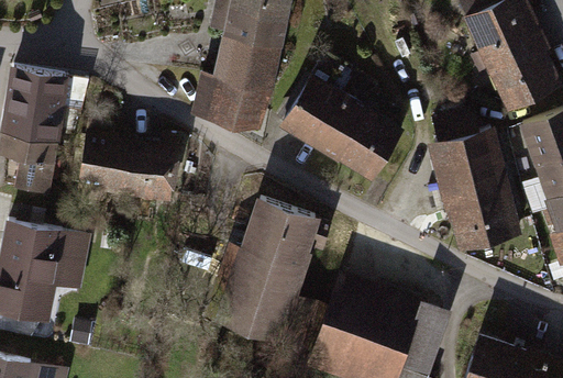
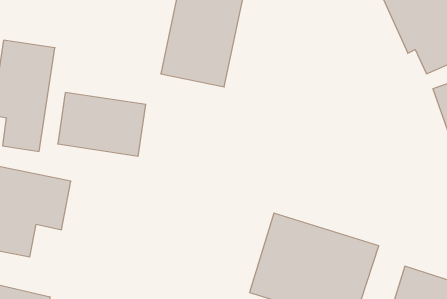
building: [279,75,401,180] -> none
building: [427,126,522,248] -> none
building: [203,197,320,349] -> none

